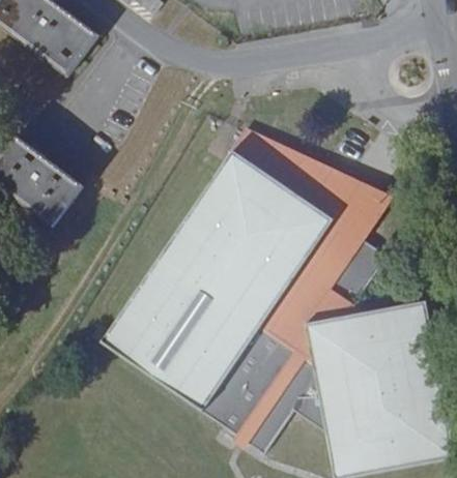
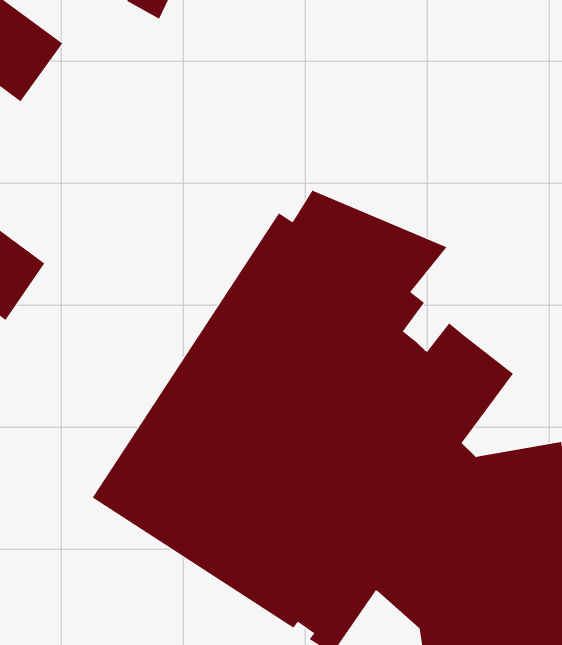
building: [319,170,397,241] -> none

